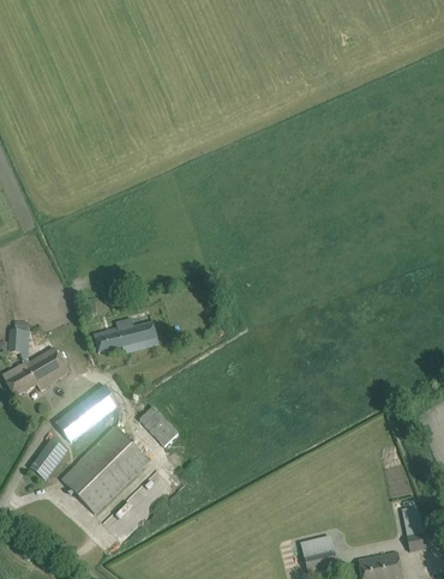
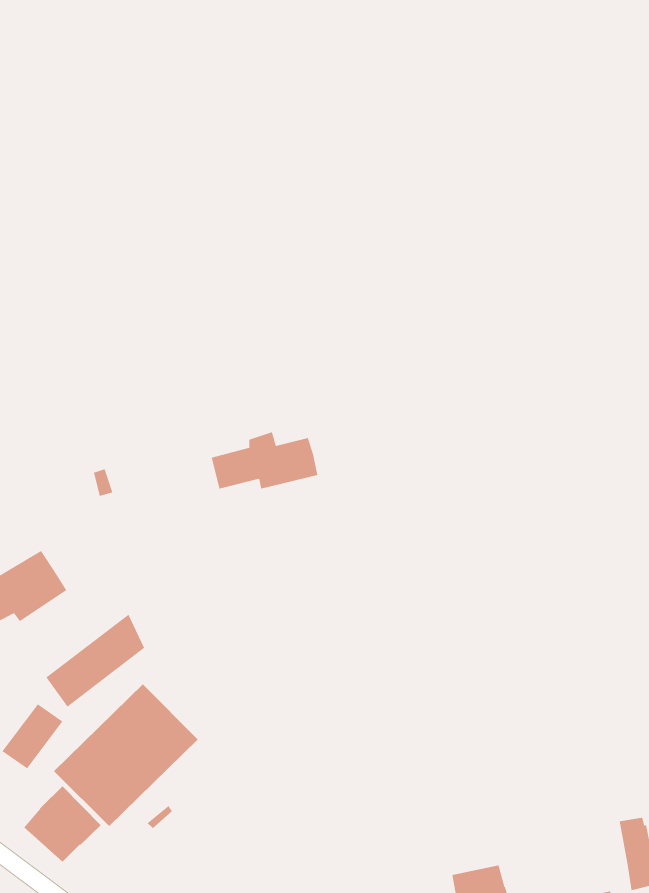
building: [94,318,158,352] -> [211,432,318,489]
building: [139,406,179,447] -> none
building: none -> [23,786,101,863]

